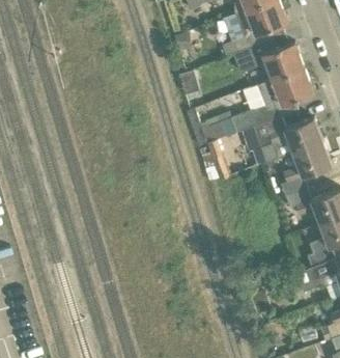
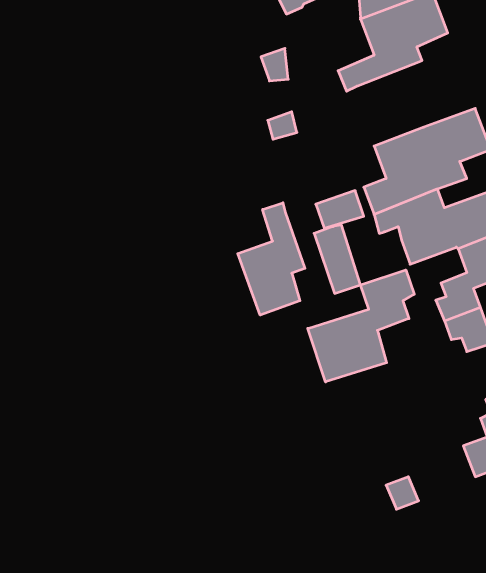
building: [231,39,303,80] -> none
building: none -> [238,203,305,315]
building: none -> [308,270,414,382]

